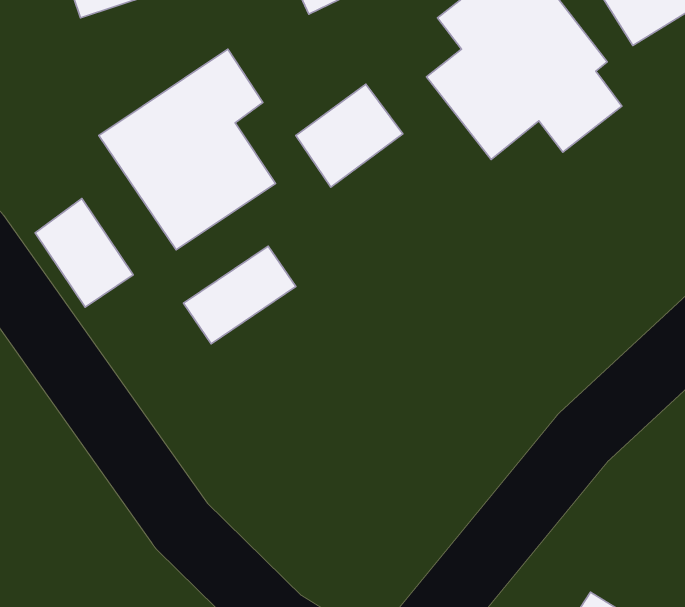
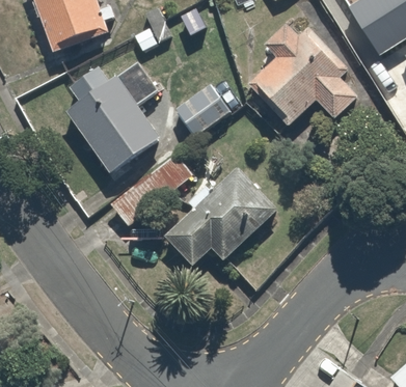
building: [35,198,133,307] -> none
building: none -> [134,170,274,269]

